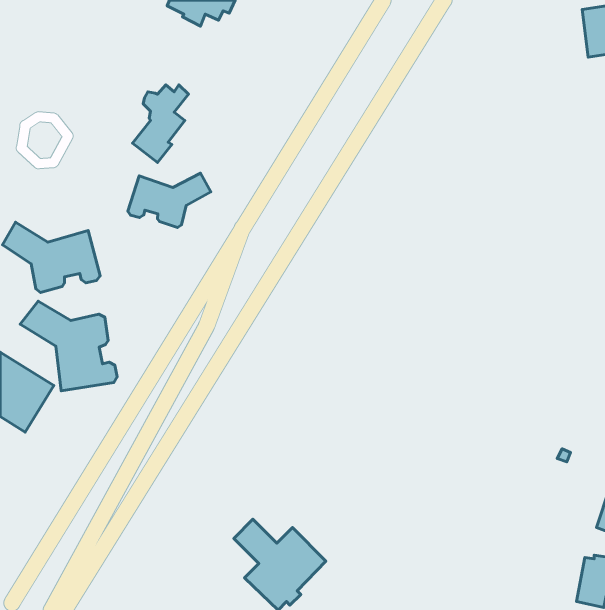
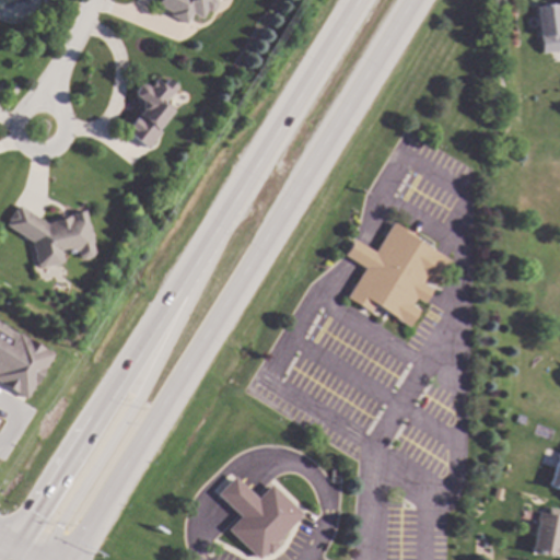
building: [128,173,211,228] -> none
building: none -> [346,222,451,326]
building: [20,301,117,391] -> none

